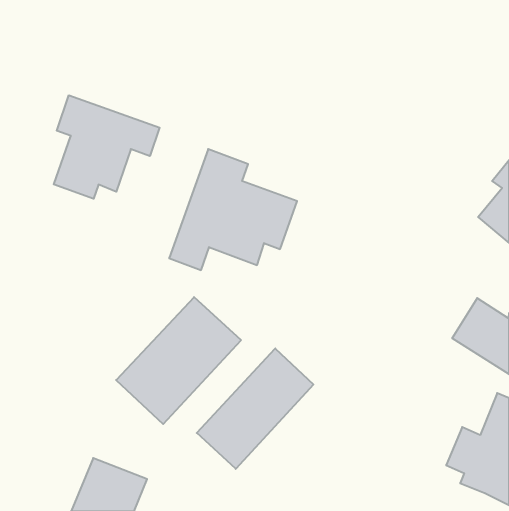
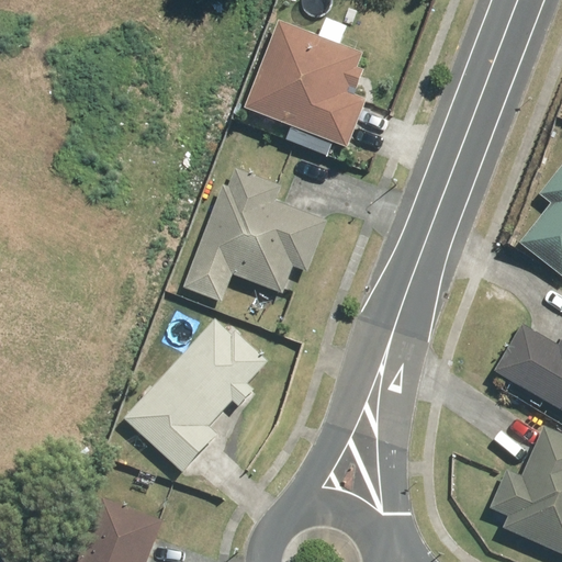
building: none -> [247,24,363,143]
building: [54,95,160,199] -> none
building: [197,348,313,469] -> none

